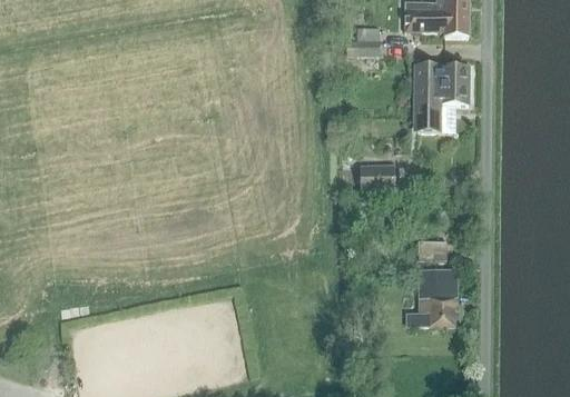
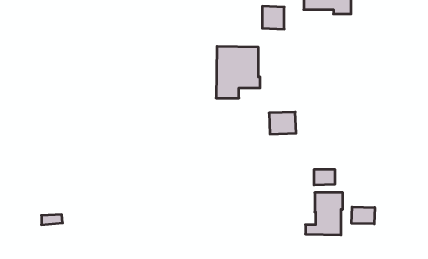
building: [412,62,470,130] -> [216,46,260,98]
building: none -> [352,207,375,224]

